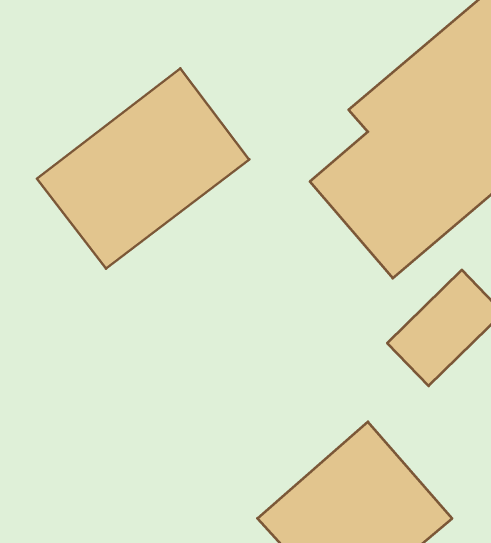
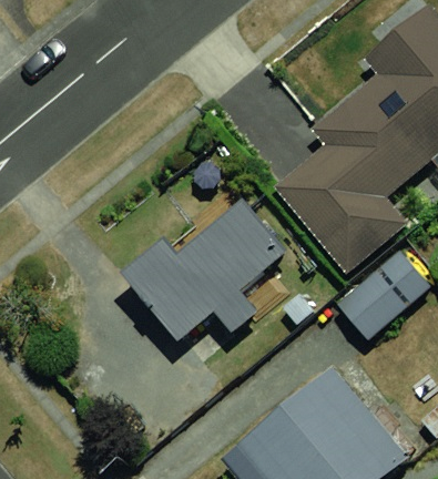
building: [37,68,249,269] -> [132,188,303,349]

